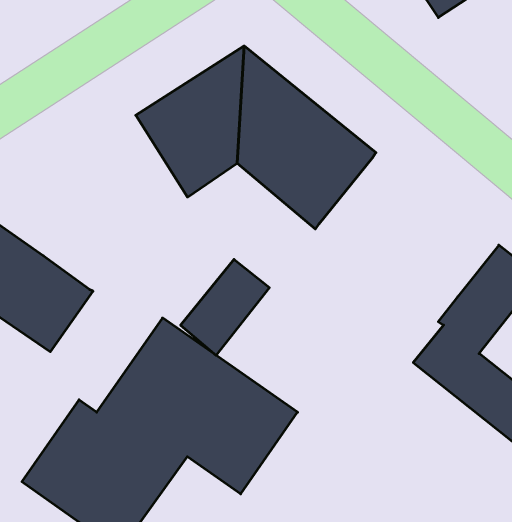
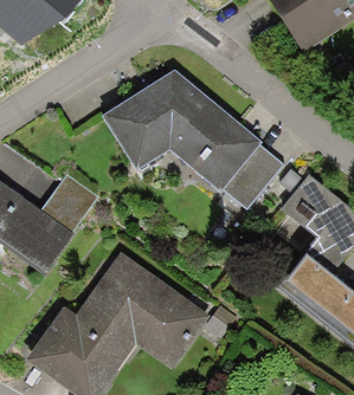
building: none -> [40,173,97,232]
building: none -> [281,175,343,237]
building: [181,259,269,355] -> [224,144,283,208]

